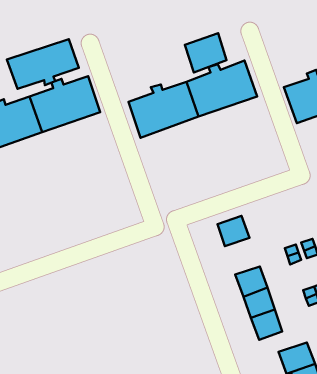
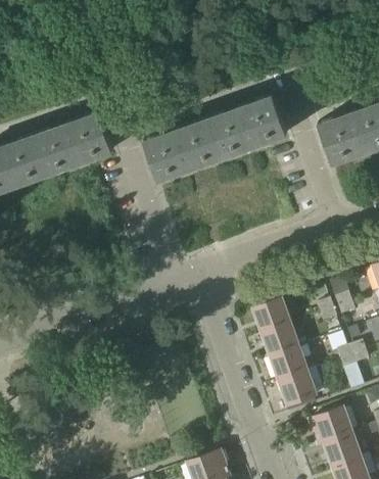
building: [185,33,227,73] -> none
building: [7,39,79,89] -> none
building: [218,216,250,246] -> [254,300,290,334]

